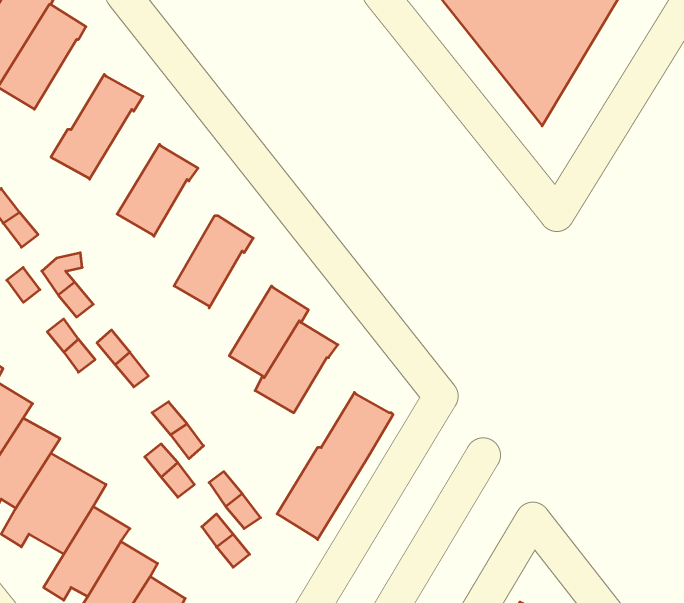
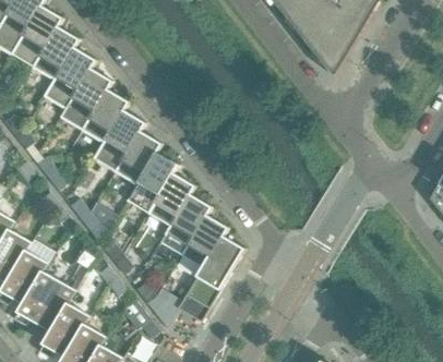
building: none -> [33,25,81,79]
building: none -> [60,67,113,129]
building: none -> [93,108,146,171]
building: none -> [127,150,179,213]
building: none -> [180,214,229,267]

